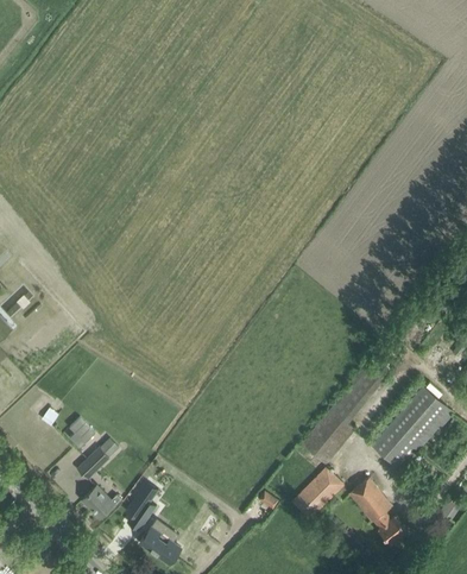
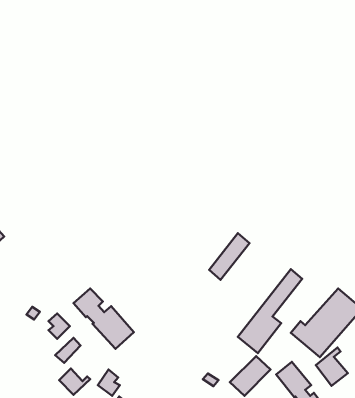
building: none -> [209,233,249,280]
building: none -> [73,288,134,349]
building: none -> [316,347,348,386]

